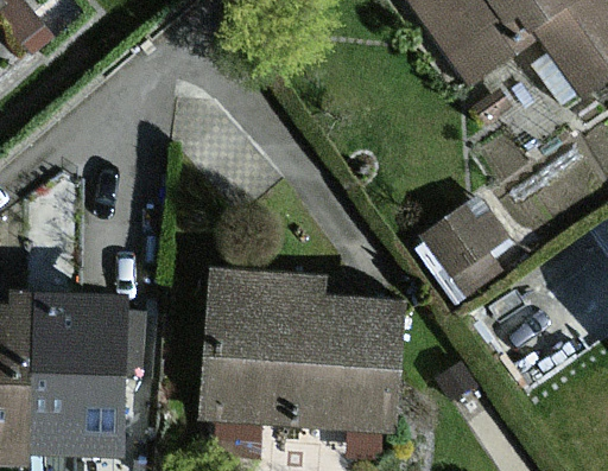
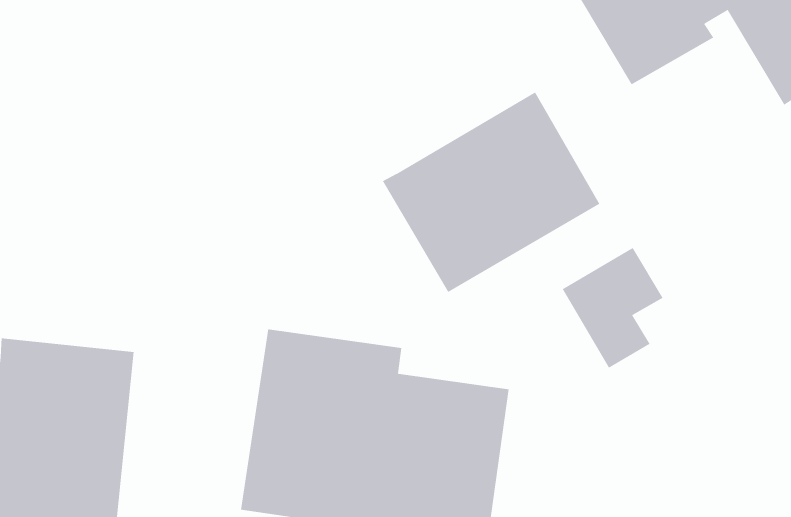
building: none -> [382,92,600,293]

